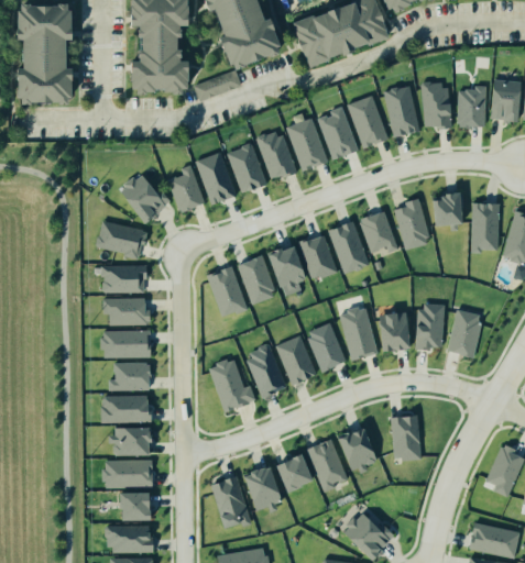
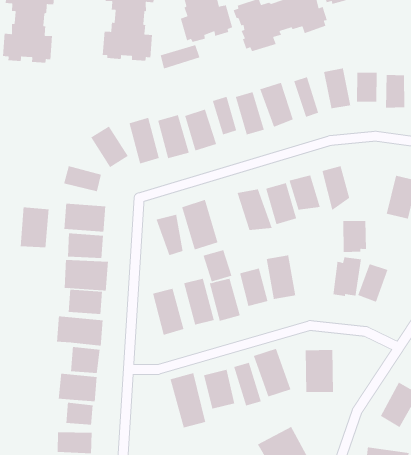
building: [434,192,459,225] -> none
building: [271,245,307,285] -> [203,249,232,282]
building: none -> [20,207,49,248]
building: [382,313,413,353] -> [342,220,367,253]
building: [209,465,253,531] -> none

